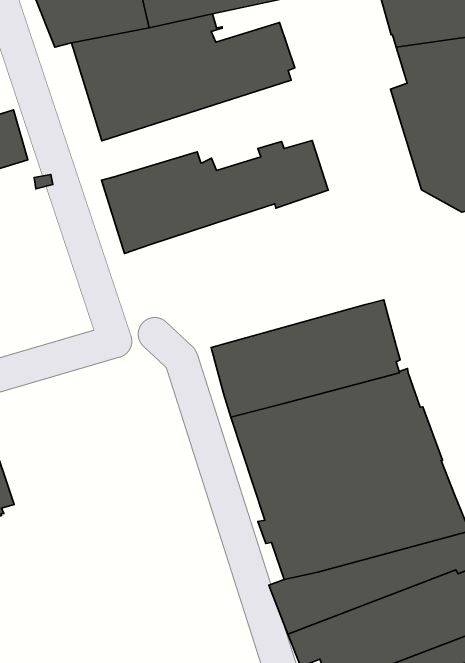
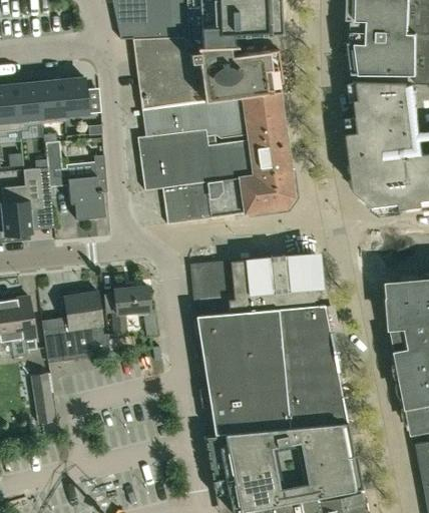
building: none -> [141,90,286,137]
building: none -> [161,170,294,223]
building: none -> [67,154,107,218]
building: none -> [111,287,149,334]
building: none -> [43,291,110,363]
building: none -> [30,373,55,425]

